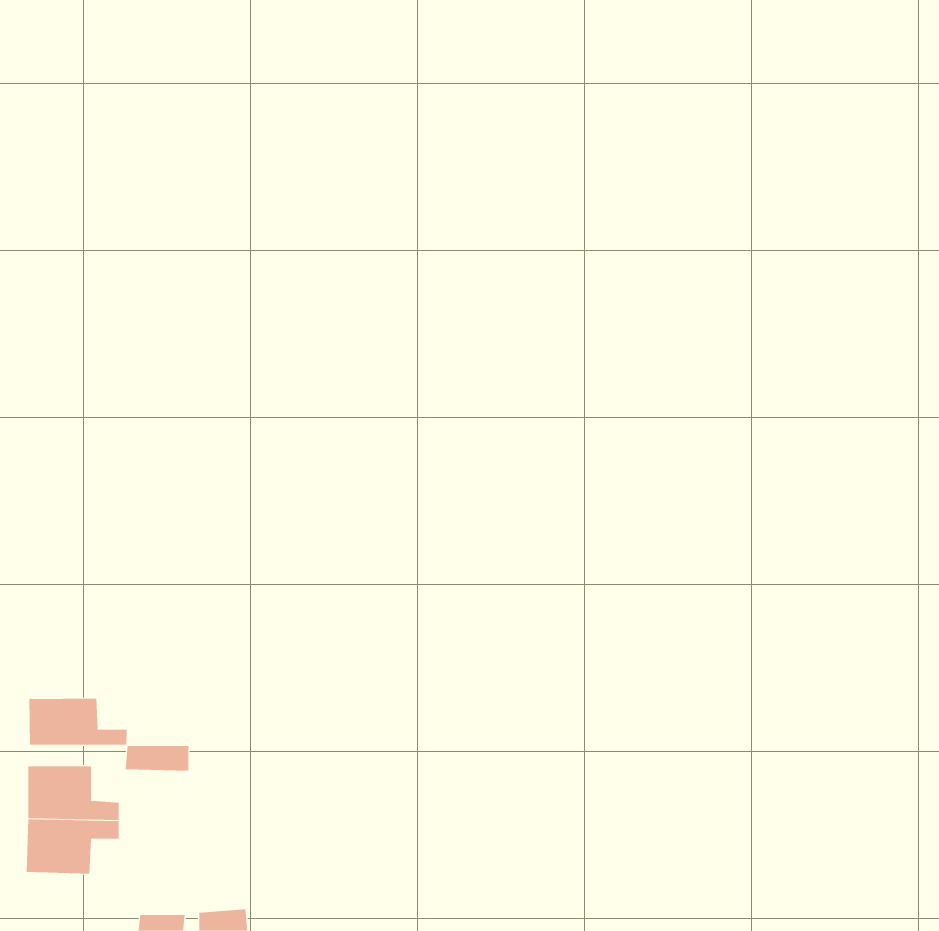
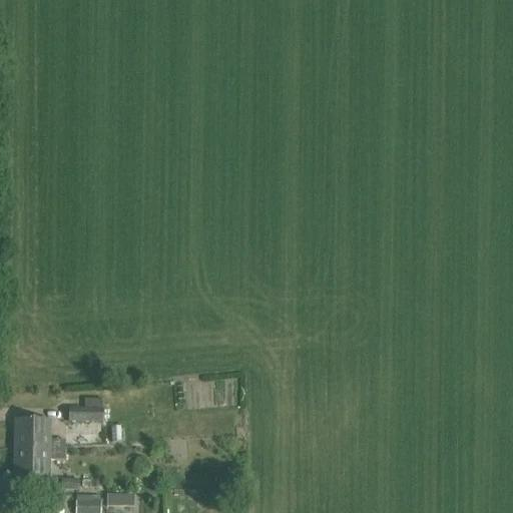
building: [29,698,127,746] -> none

